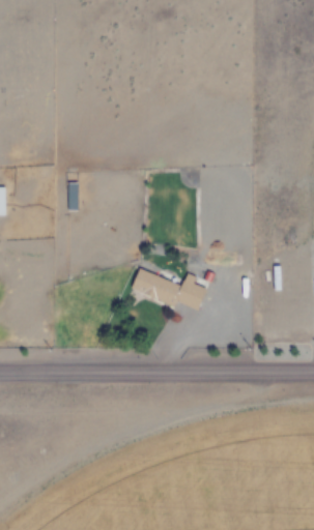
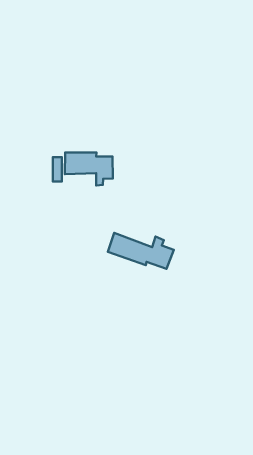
building: none -> [65,153,113,186]

